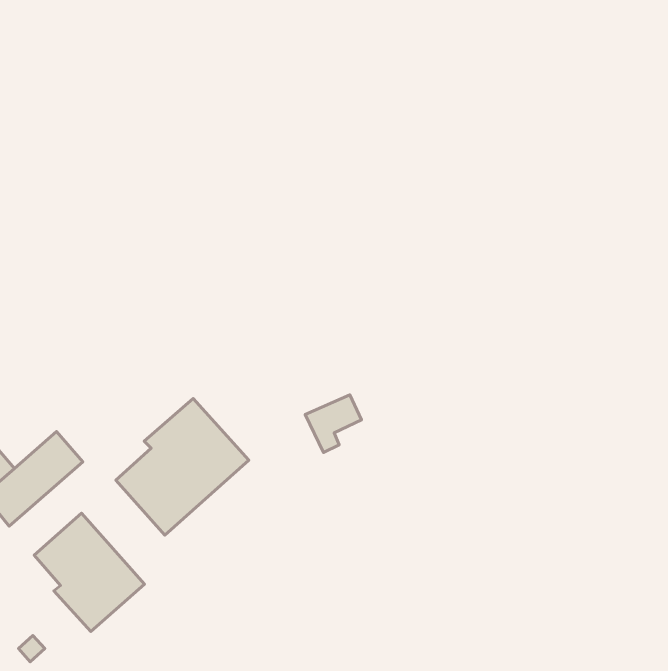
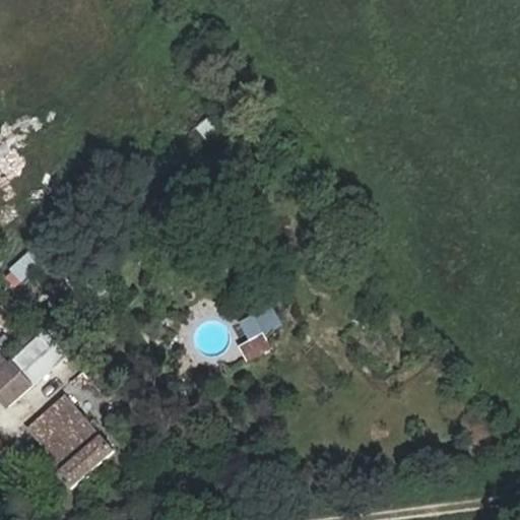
building: [116,398,249,535] -> none

